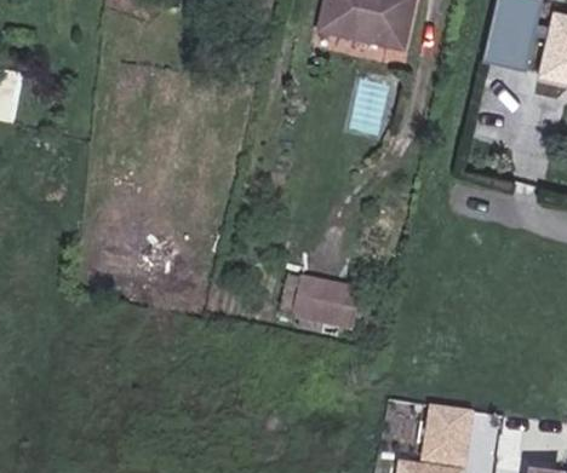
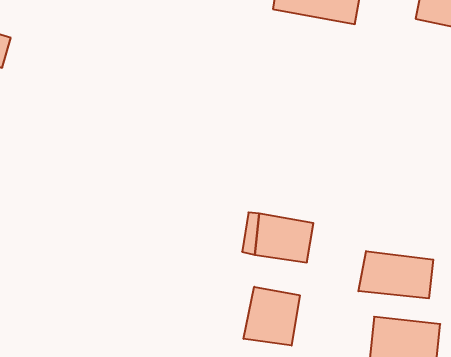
building: none -> [358,251,433,298]
building: none -> [244,287,300,346]

